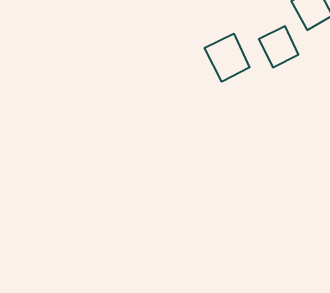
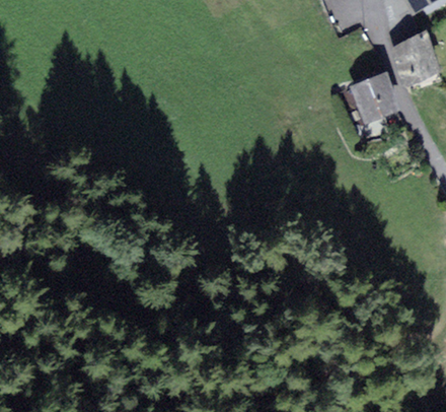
building: [205,34,250,82] -> none

